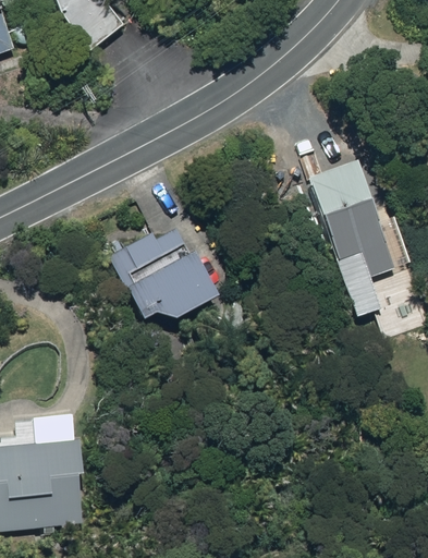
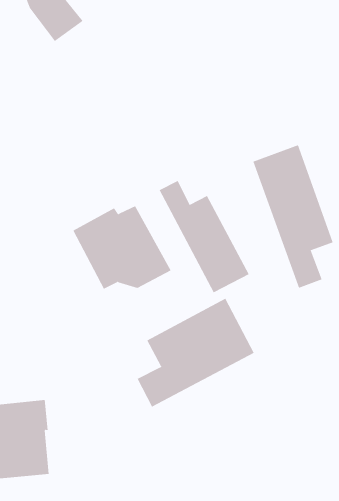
building: none -> [159,180,250,293]
building: none -> [137,298,255,407]

